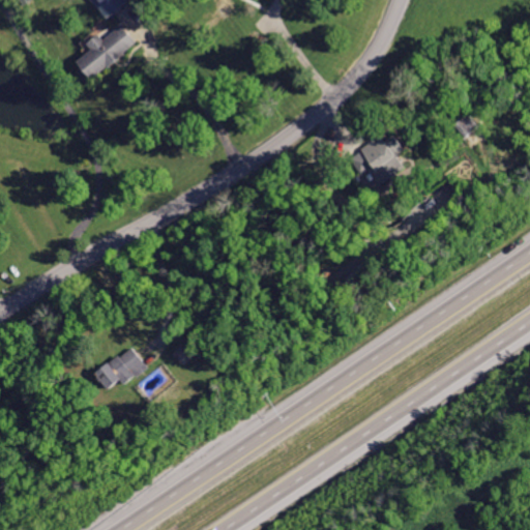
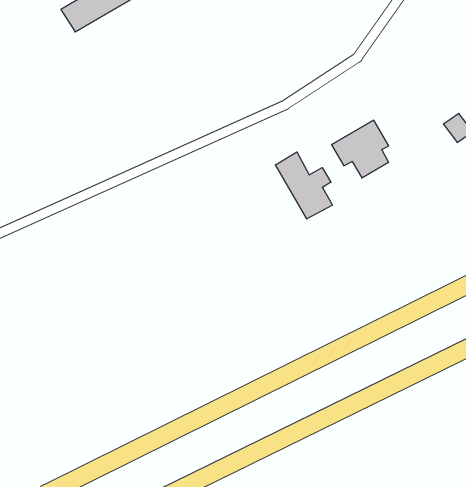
building: none -> [275,152,332,219]
building: [94,343,149,388] -> none

